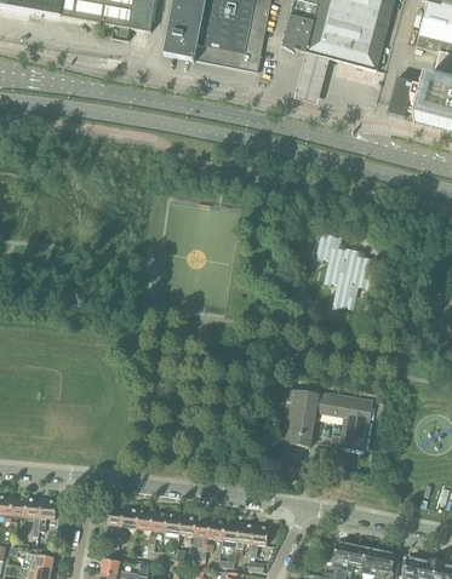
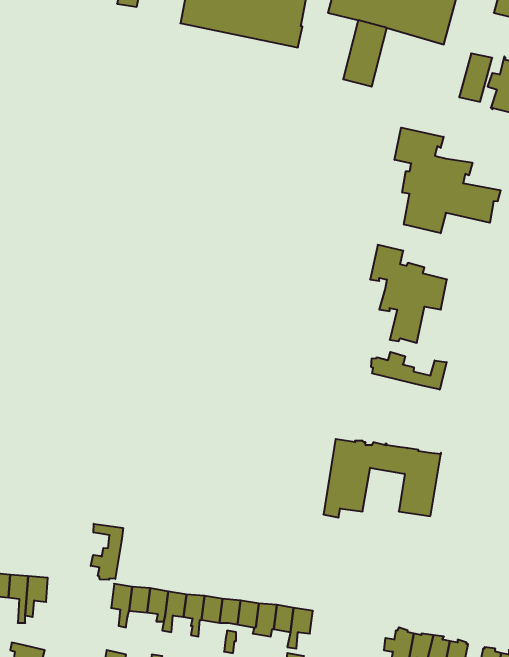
building: none -> [395,128,501,233]
building: none -> [371,352,447,390]
building: none -> [91,524,123,580]

